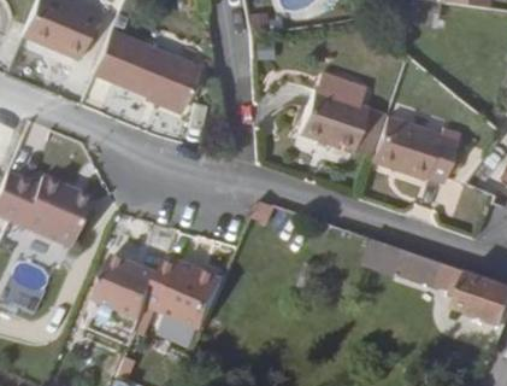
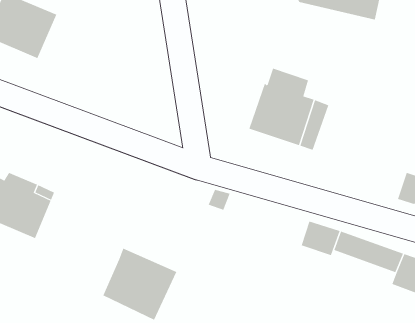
building: [93,28,200,109] -> none
building: [375,115,459,180] -> none
building: [99,257,163,322] -> none

